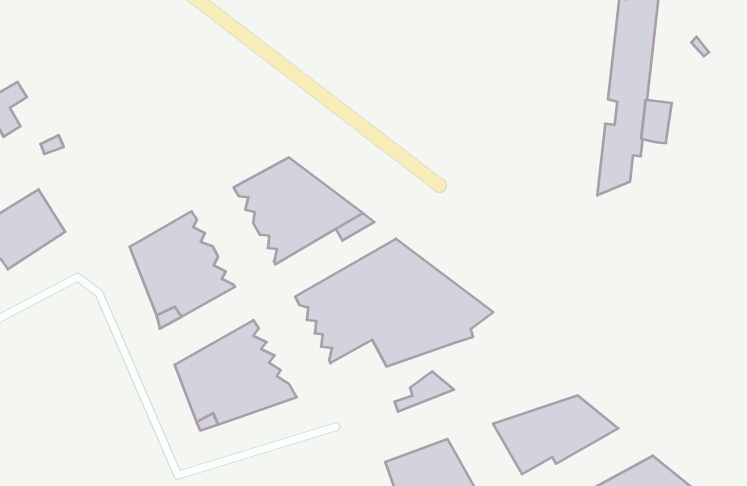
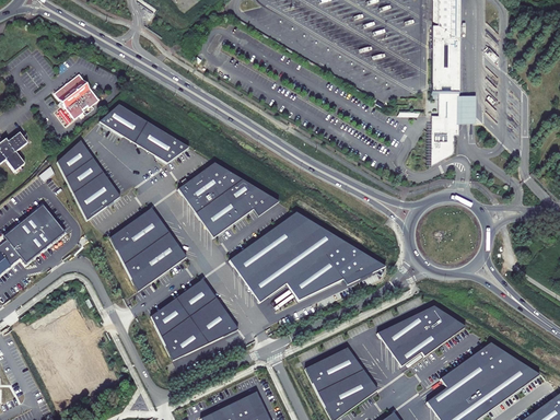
building: none -> [55,72,98,117]
building: none -> [100,107,189,163]
building: none -> [58,141,120,219]
building: [394,371,454,412] -> [345,255,385,285]

